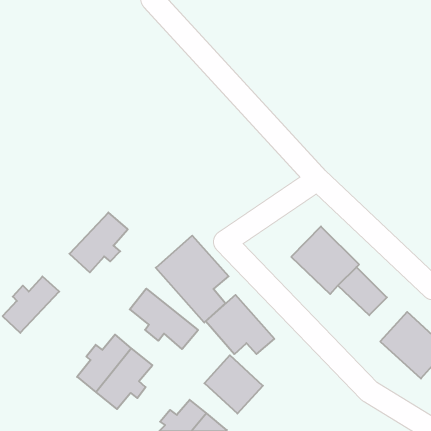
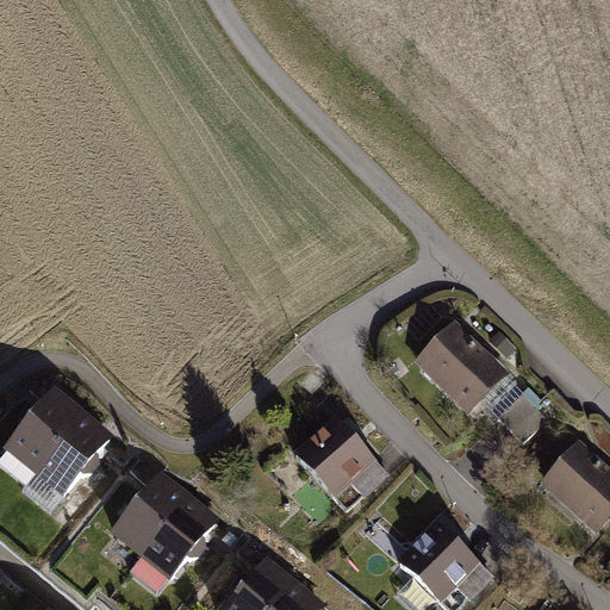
building: [69,212,128,272] -> [31,411,113,496]
building: [156,236,229,323] -> none
building: [130,289,198,349] -> none
building: [204,355,263,414] -> [398,521,480,603]

